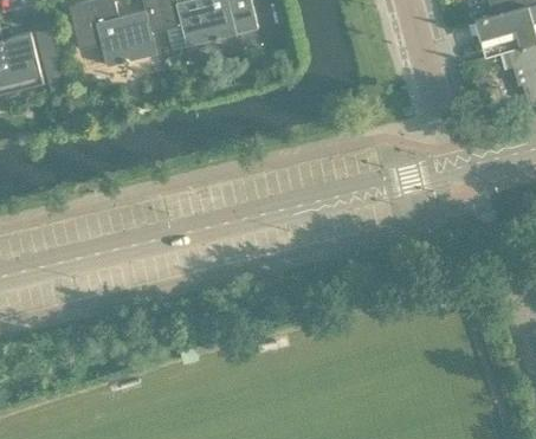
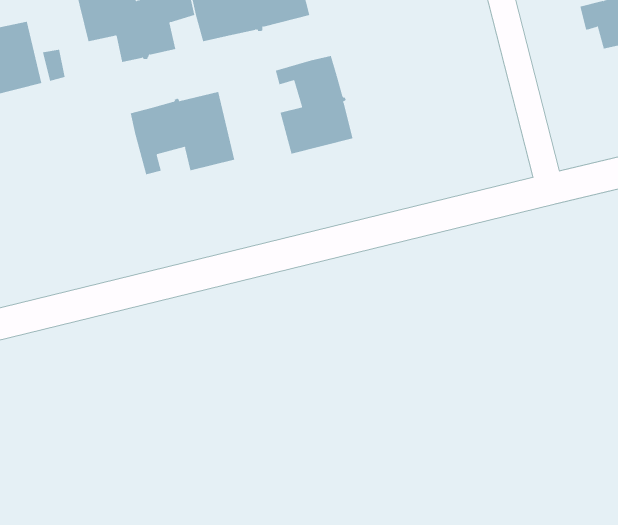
building: none -> [275,55,353,155]
building: none -> [130,91,235,175]

